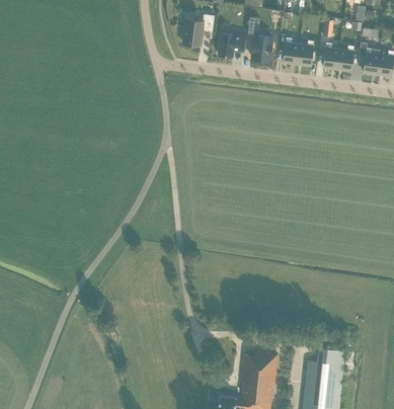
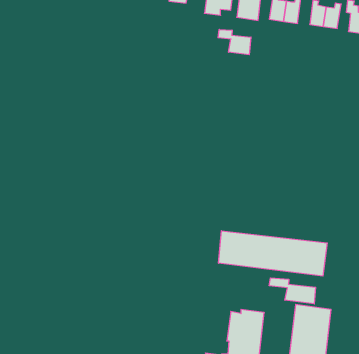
building: none -> [218,29,251,55]
building: none -> [219,231,327,276]
building: none -> [269,278,316,304]

